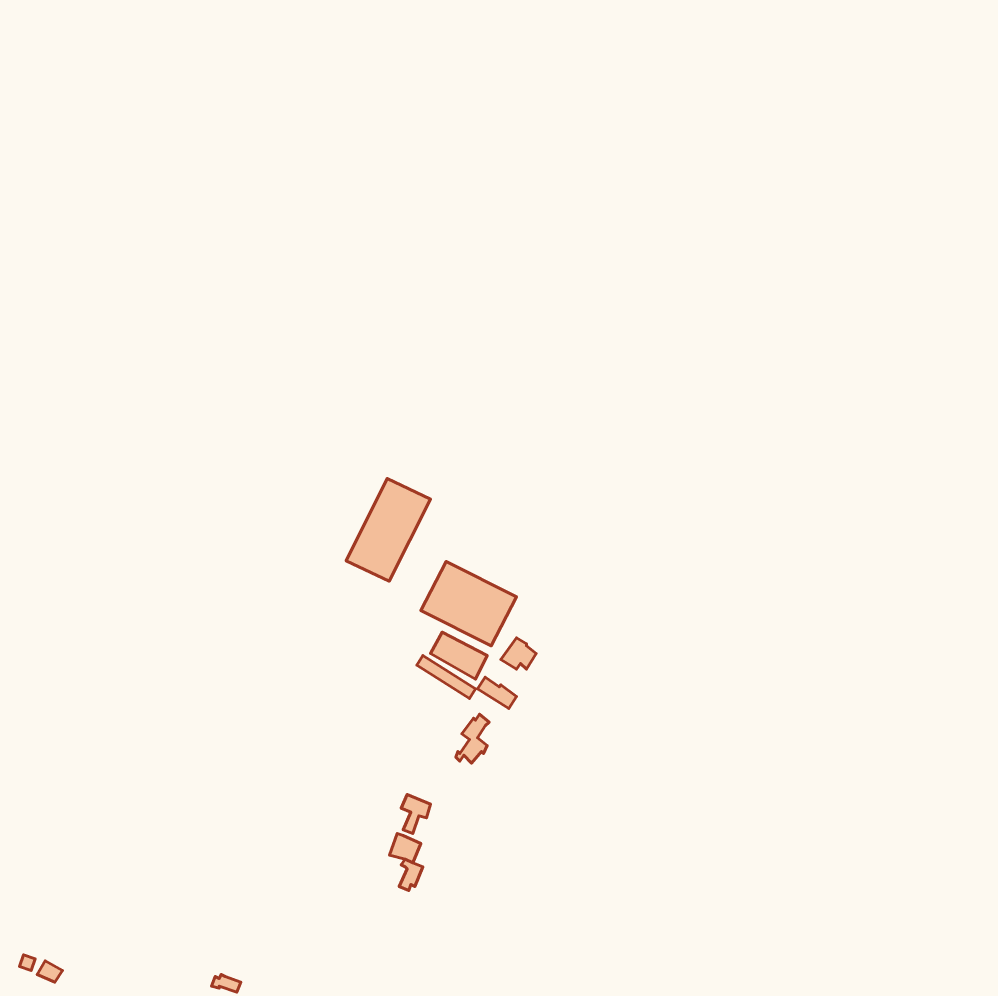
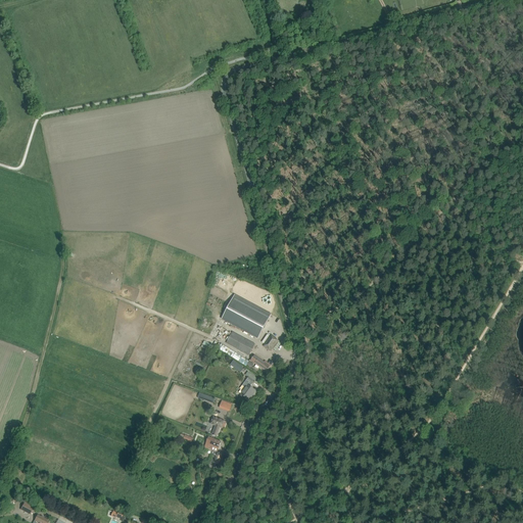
building: [346,479,430,581] -> none

